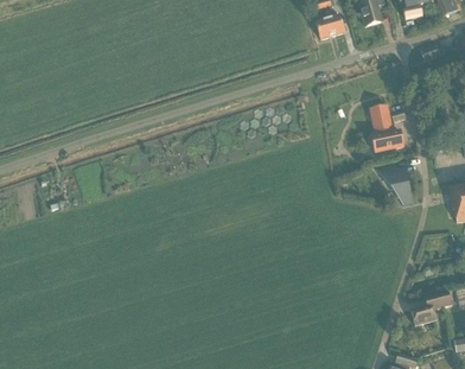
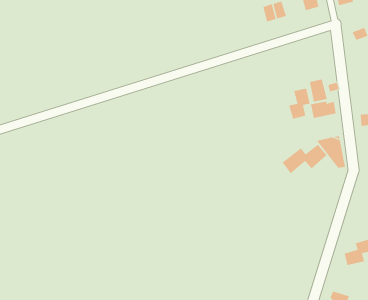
building: none -> [288,88,310,119]
building: none -> [282,144,327,174]

